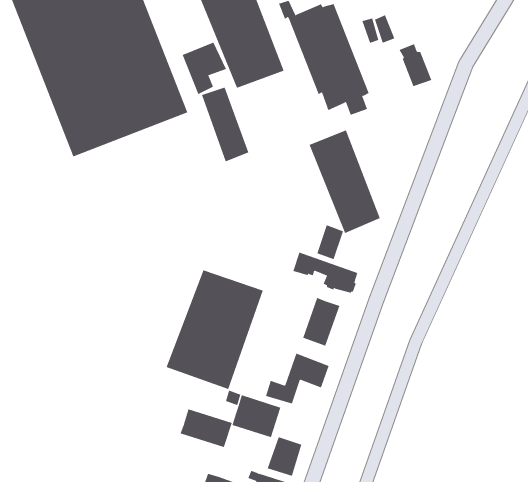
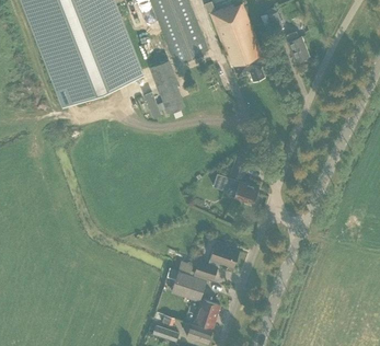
building: [309,130,380,234] -> none
building: [166,269,264,390] -> none
building: [303,297,340,347] -> none
building: [180,409,232,448] -> none

